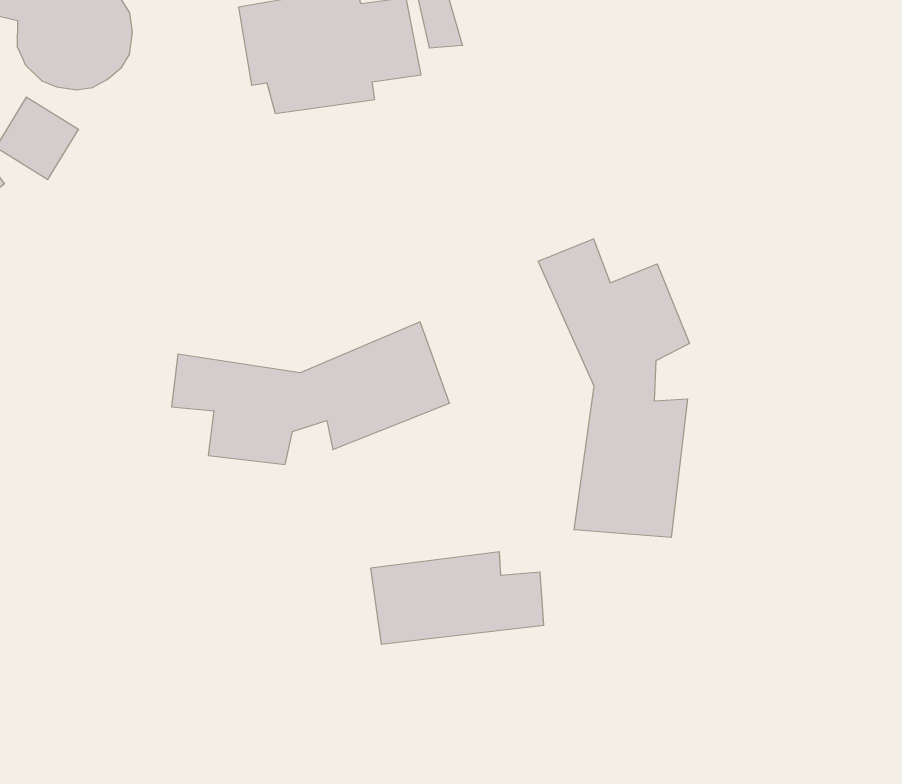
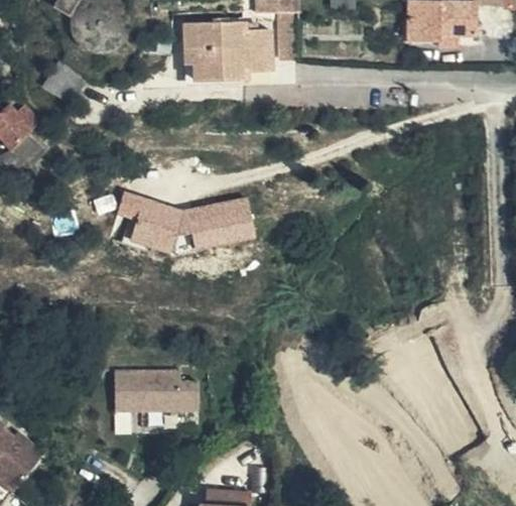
building: [538,239,689,537] -> none
building: [371,552,544,644] -> [117,366,203,407]

